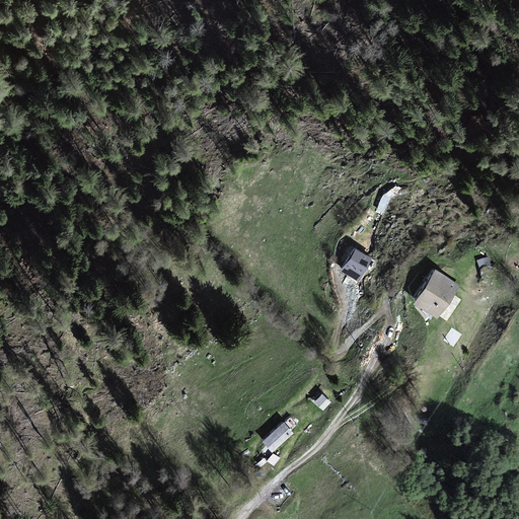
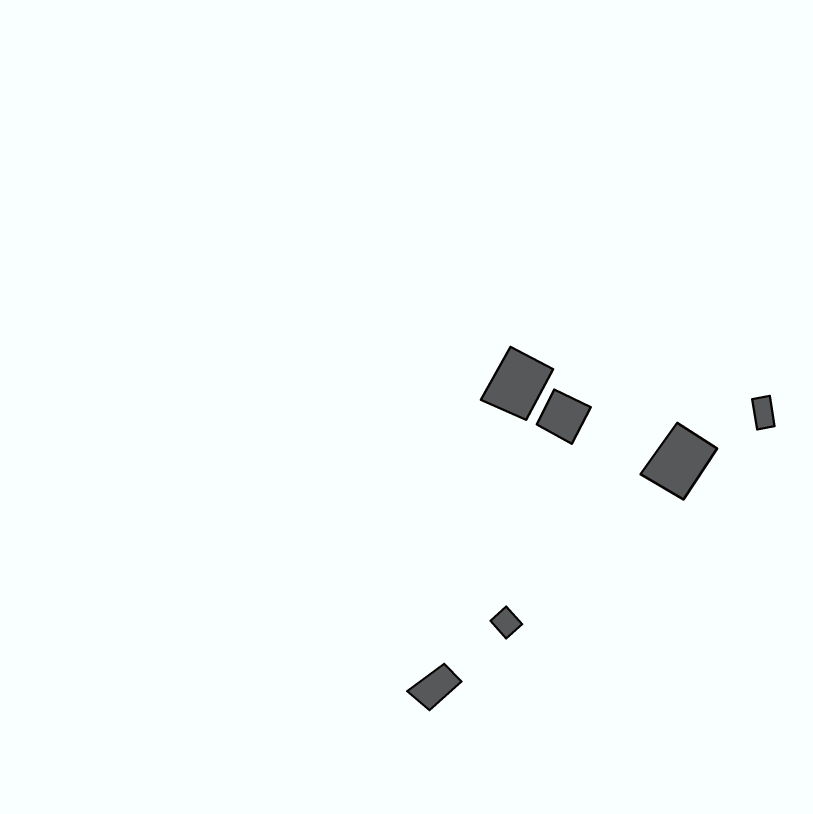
building: none -> [481,347,553,420]

